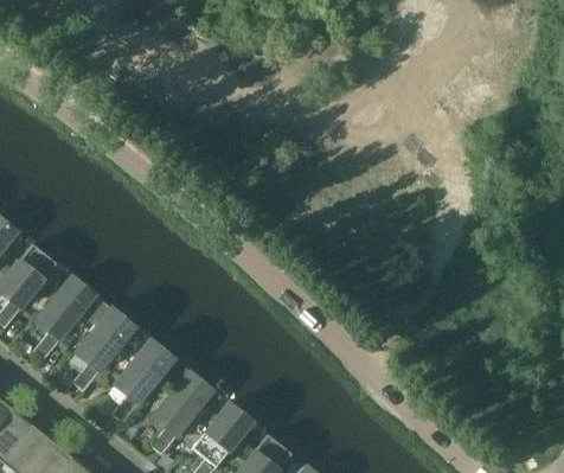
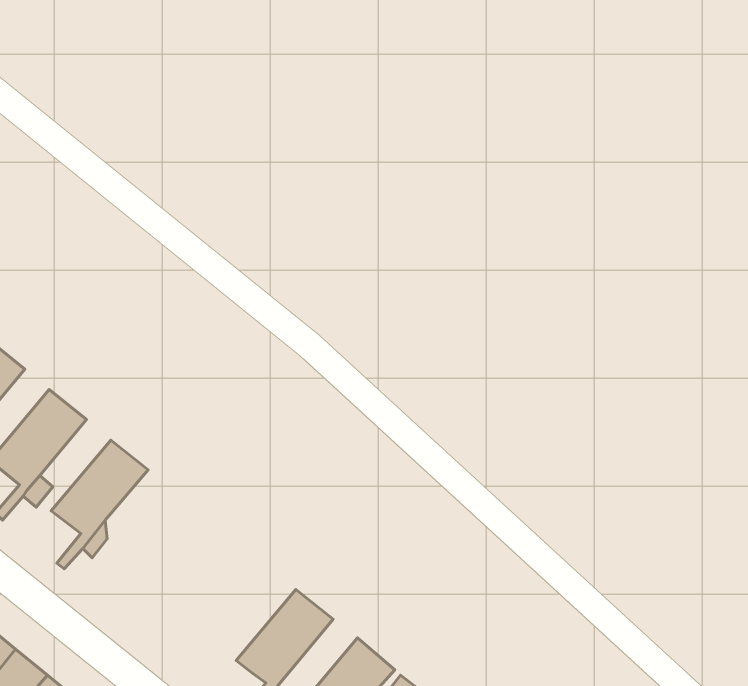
building: [113,339,174,422] -> none
building: [153,363,213,454] -> none

